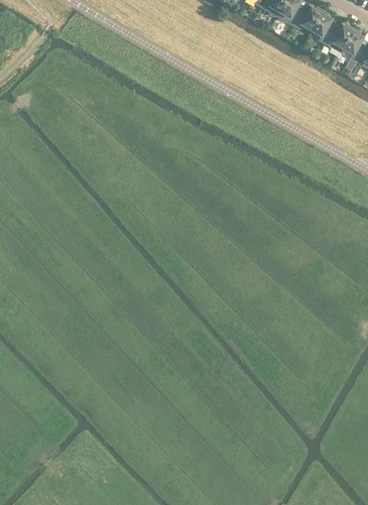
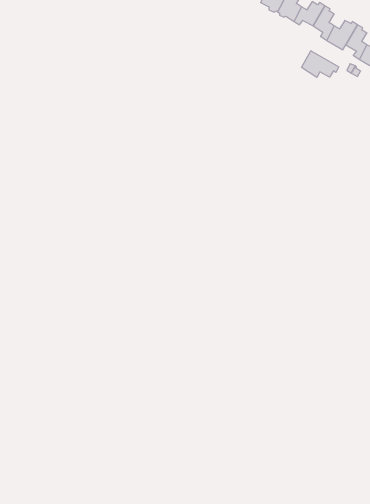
building: none -> [302,51,339,77]

